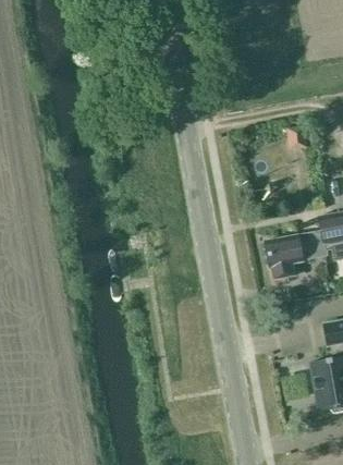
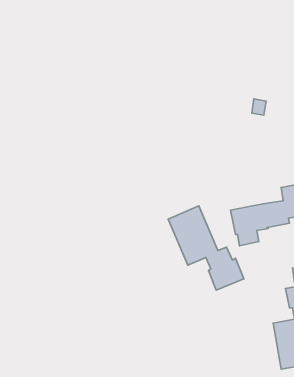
building: none -> [168,206,244,290]

